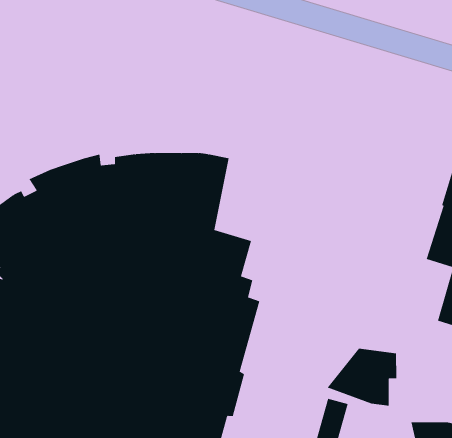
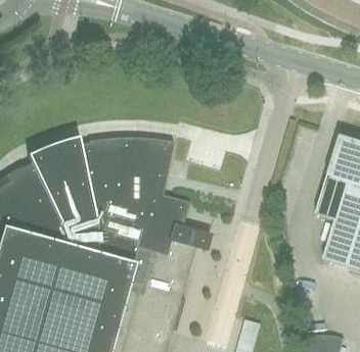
building: [327,348,397,406] -> none

